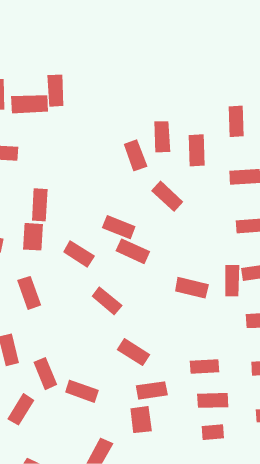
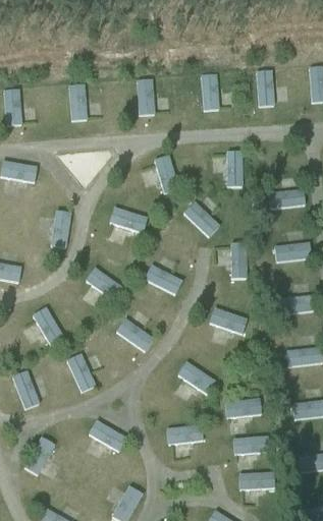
building: none -> [136,78,155,115]
building: [10,95,49,114] -> none
building: [228,105,245,137] -> [256,70,274,106]
building: [154,121,171,153] -> [201,74,220,110]
building: [101,214,137,240] -> [108,206,148,234]
building: [23,222,43,251] -> none
building: [224,265,240,297] -> [230,242,248,278]
building: [116,337,151,367] -> [175,361,215,395]
building: [32,356,58,391] -> [66,353,95,392]
building: [130,405,153,434] -> none

